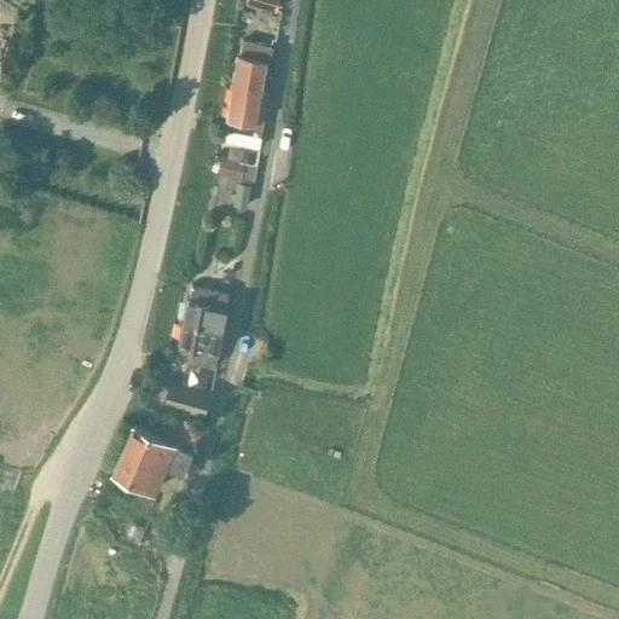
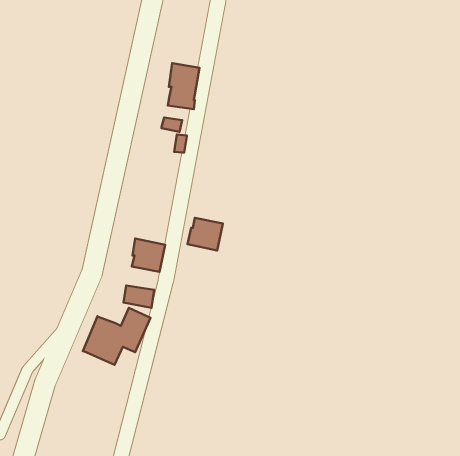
building: [232,47,272,97] -> none
building: [183,291,230,335] -> [188,218,223,250]

